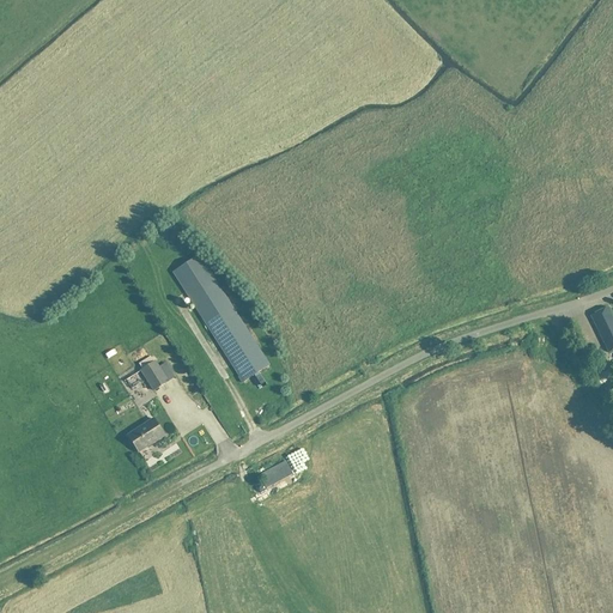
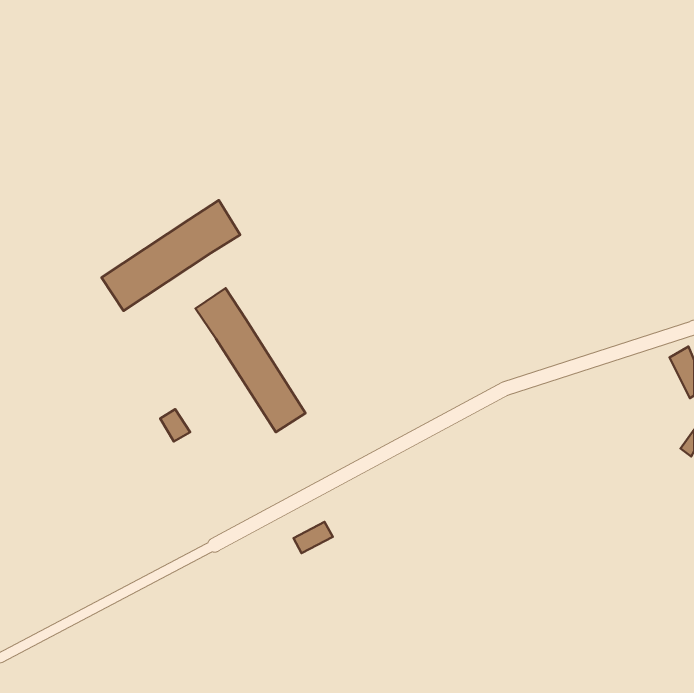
building: none -> [102,200,240,311]
building: [128,418,164,451] -> none

